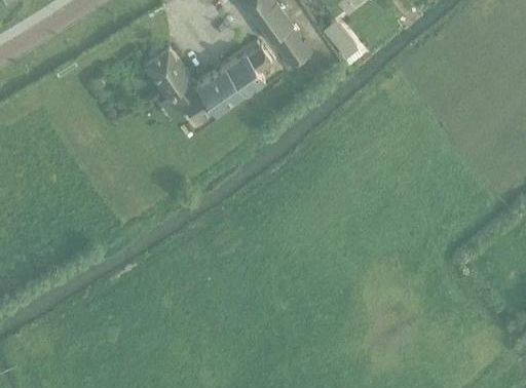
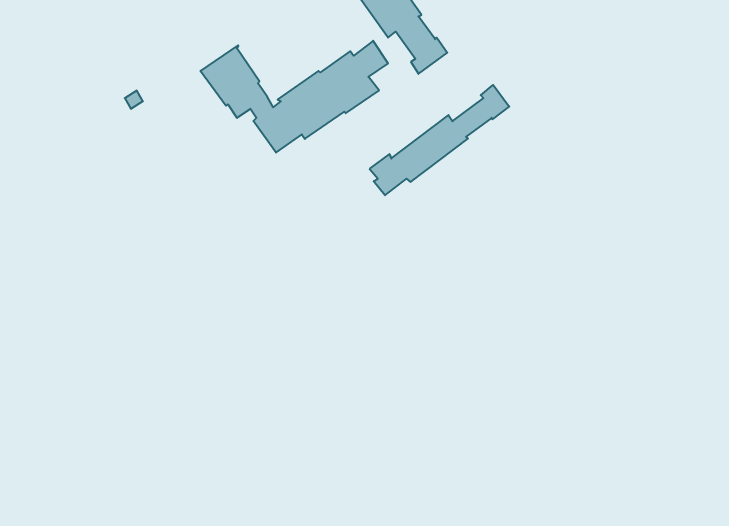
building: none -> [370,85,509,195]

